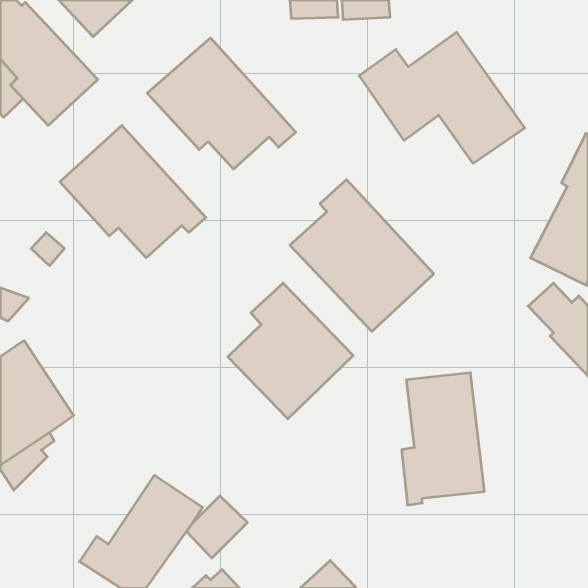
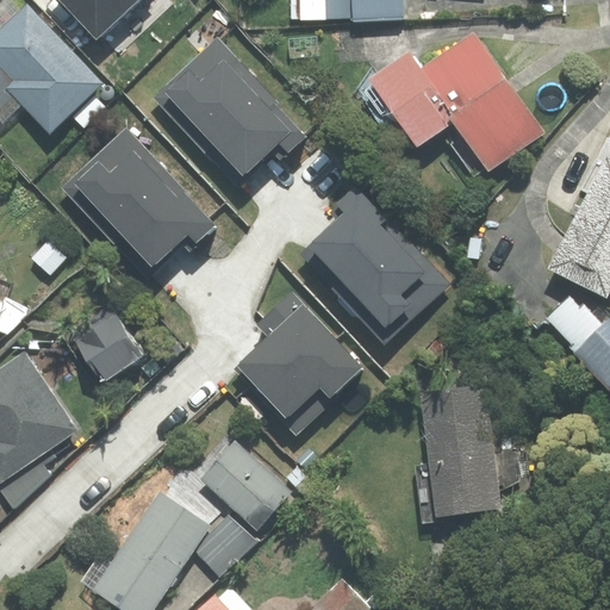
building: none -> [75,315,142,381]
building: none -> [201,441,292,529]

